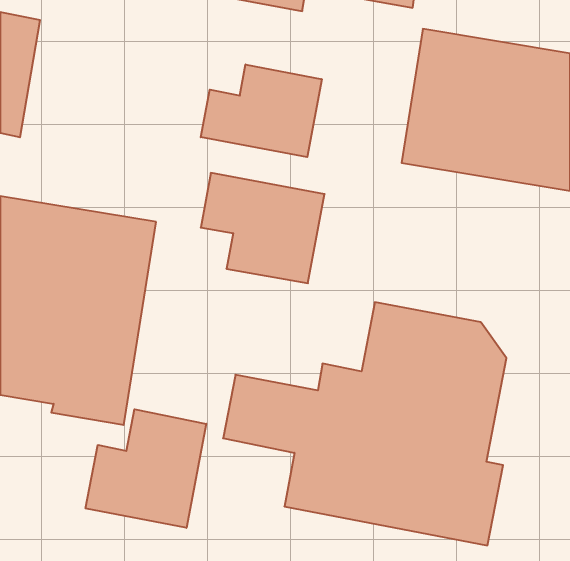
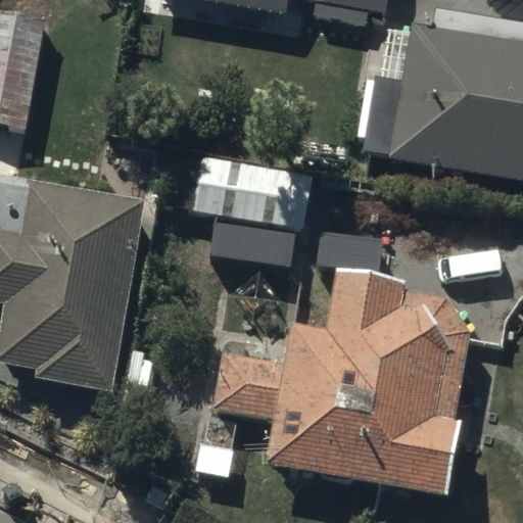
building: [201,64,322,157] -> none
building: [86,409,206,528] -> none

